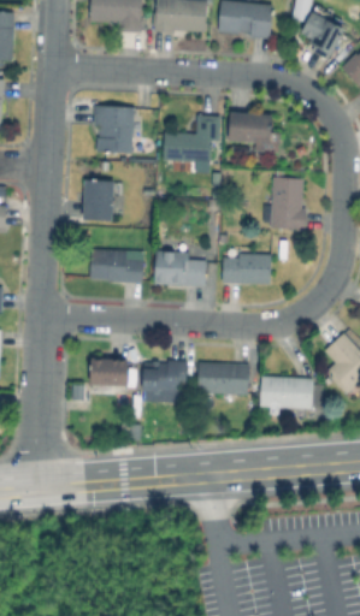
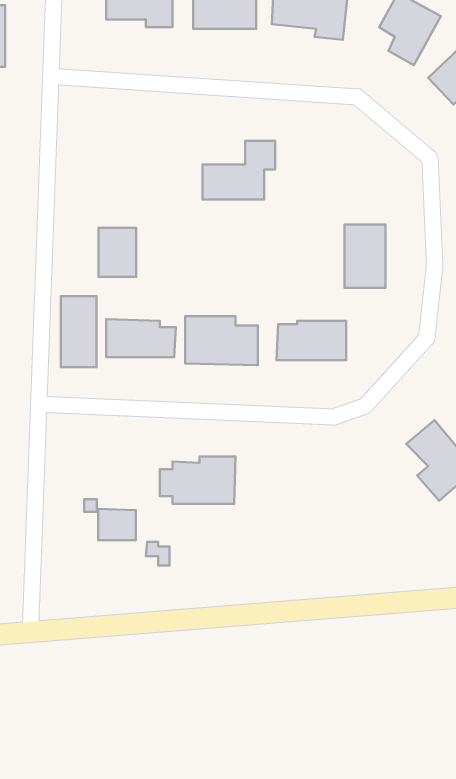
building: [99,109,132,152] -> none
building: [232,116,281,153] -> none
building: none -> [61,296,96,367]
building: [96,361,125,385] -> [98,509,136,540]
building: [200,365,249,395] -> none
building: [256,375,320,410] -> none

